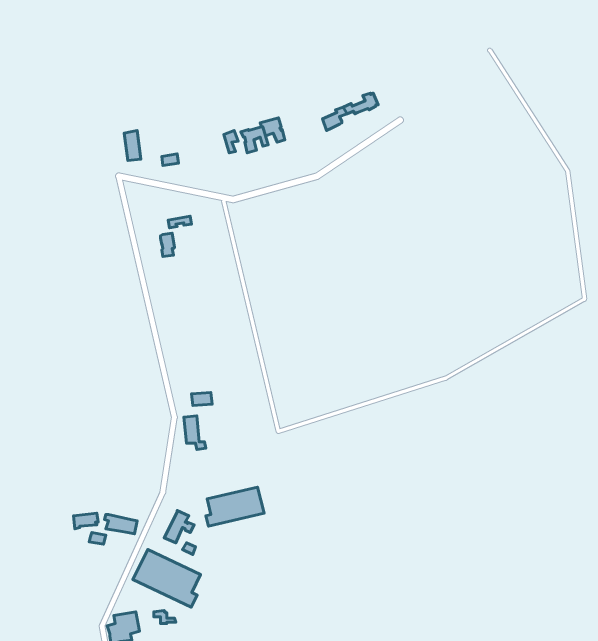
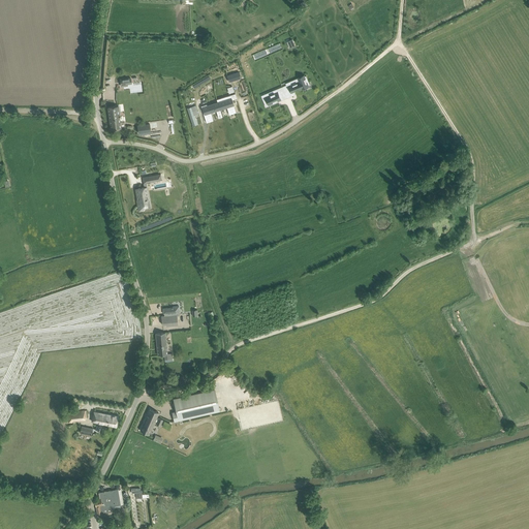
building: [133,549,201,607] -> none

